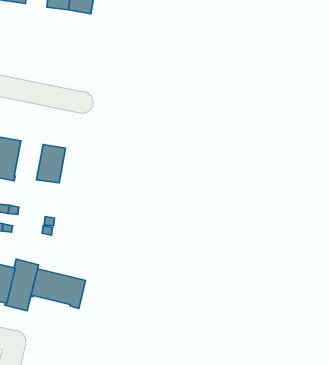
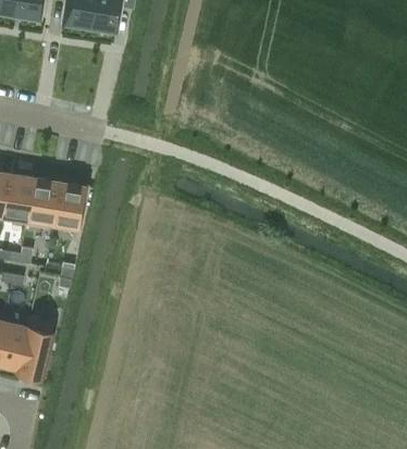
building: none -> [26,178,60,224]
building: [31,269,85,308] -> none

